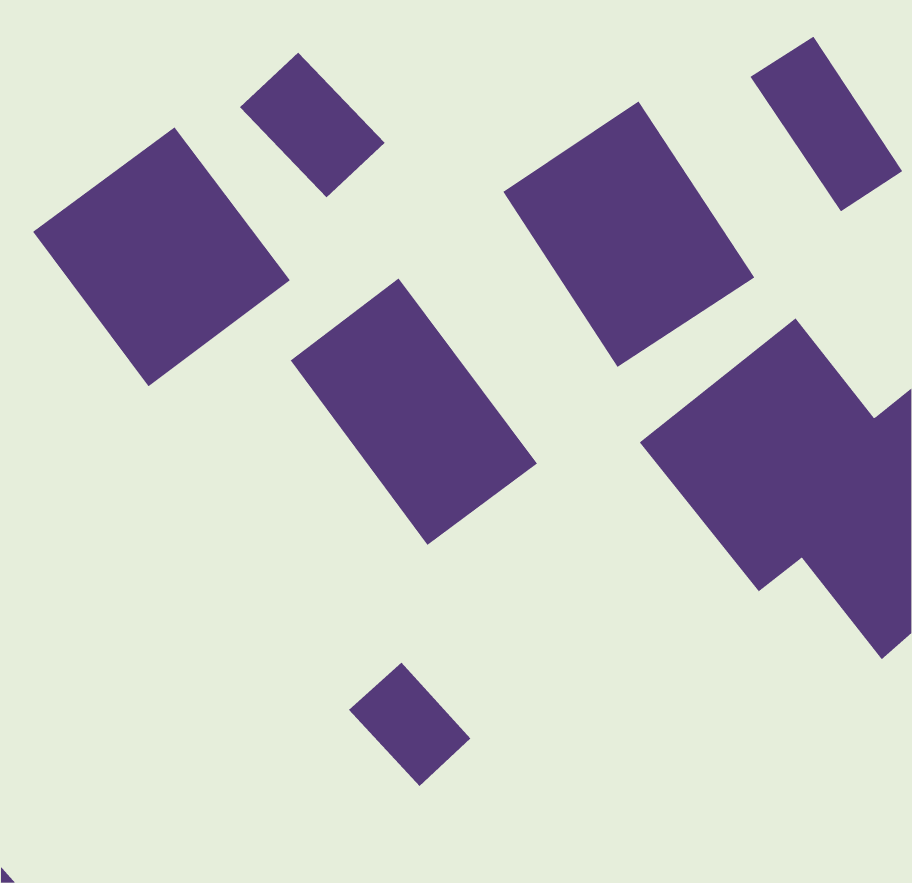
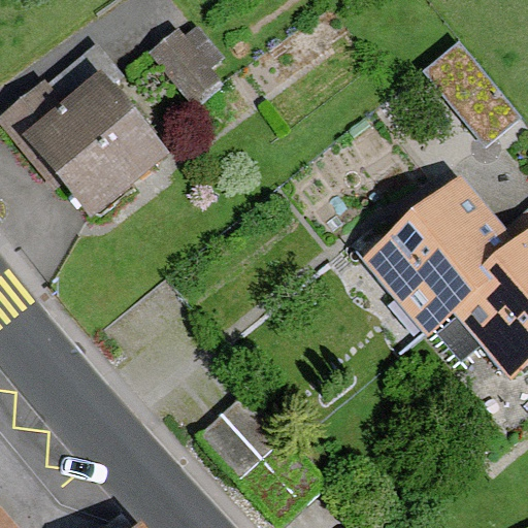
building: [503,101,755,368] -> none
building: [290,278,538,546] -> none

